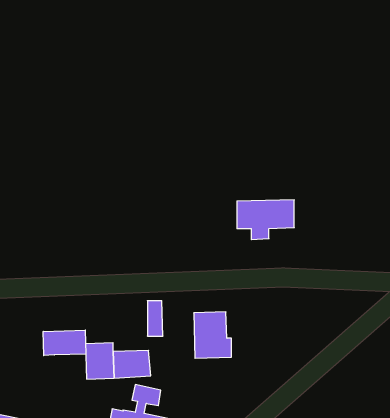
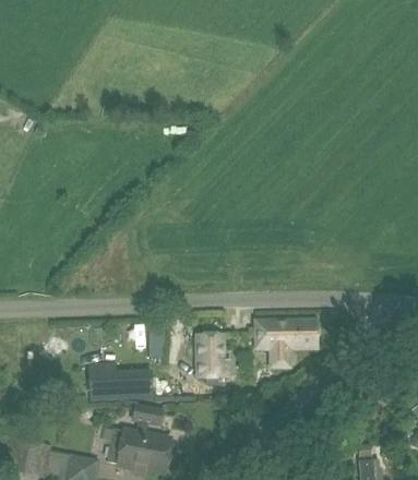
building: [237,200,294,240] -> [258,320,314,359]
building: [43,330,86,356] -> none

